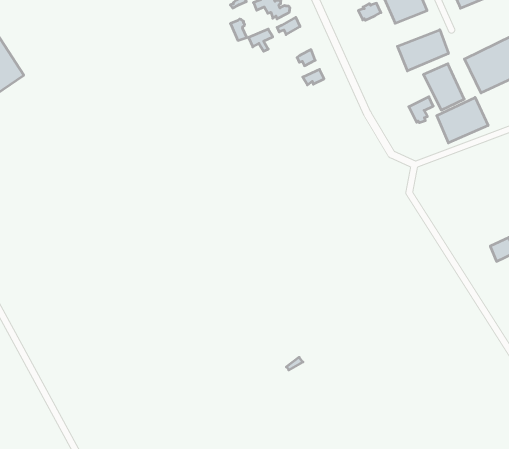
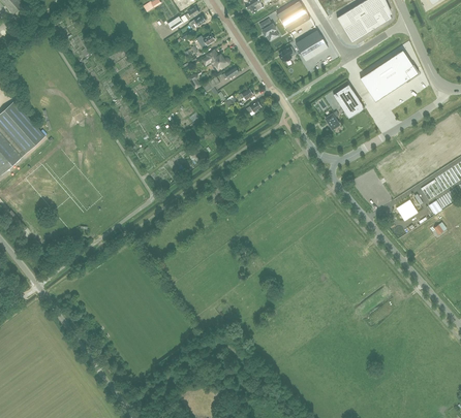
building: [397,30,448,71] -> none
building: [437,97,488,143] -> none

